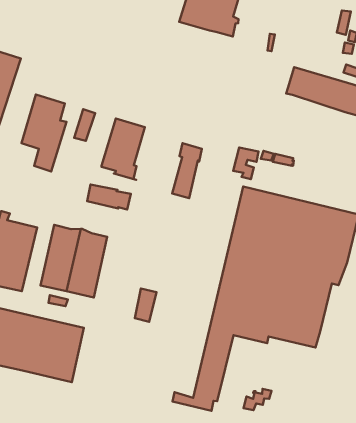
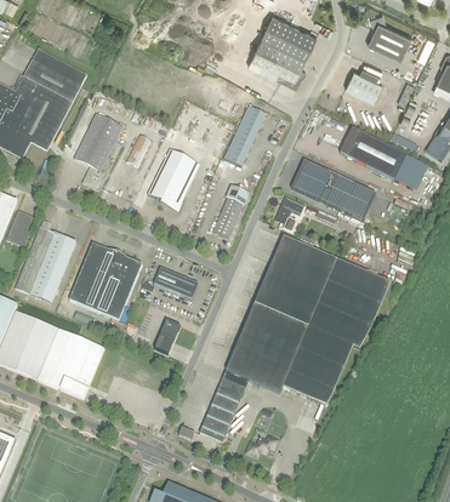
building: none -> [346,70,382,101]
building: none -> [223,105,266,166]
building: none -> [291,160,376,221]
building: [87,184,131,209] -> [154,268,198,298]

